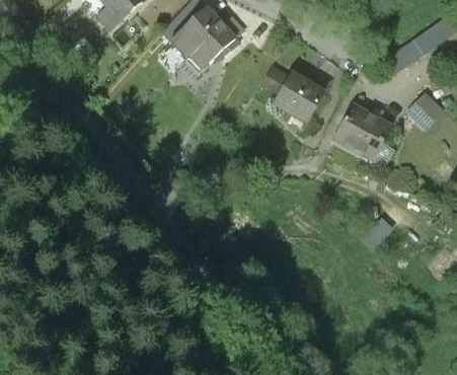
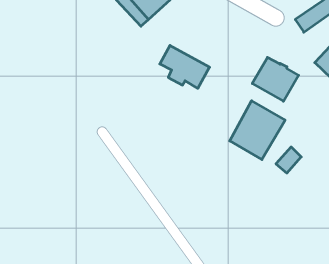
building: [262,65,322,117] -> [160,45,210,88]
building: none -> [230,101,285,160]

